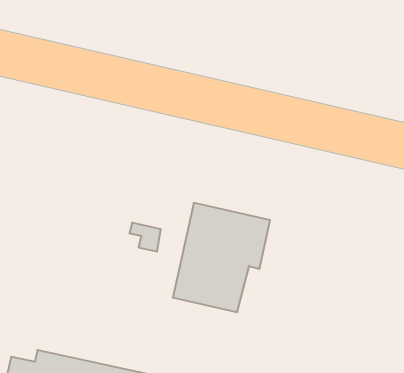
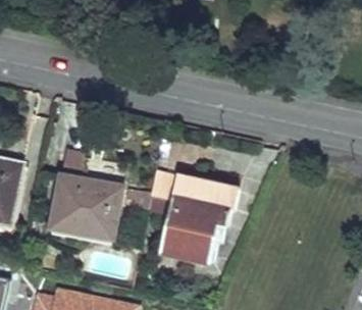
building: none -> [54,173,122,234]

